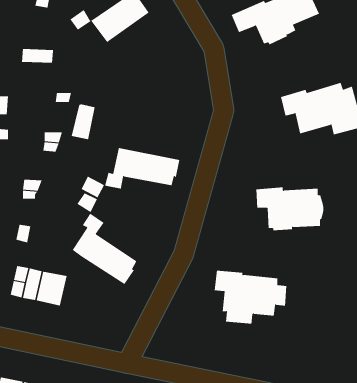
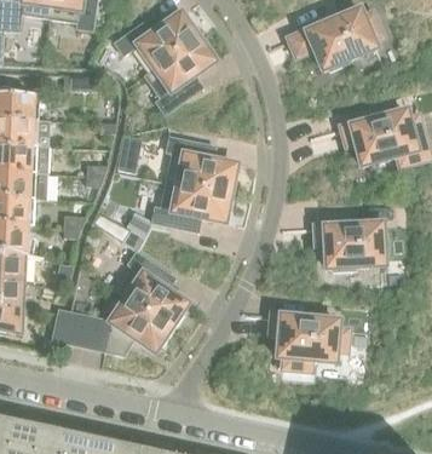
building: none -> [145,34,215,113]
building: none -> [167,136,238,192]
building: none -> [105,297,174,354]

